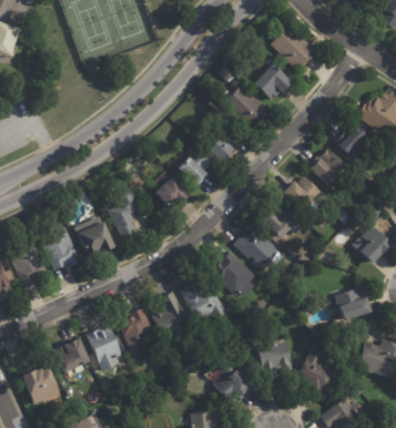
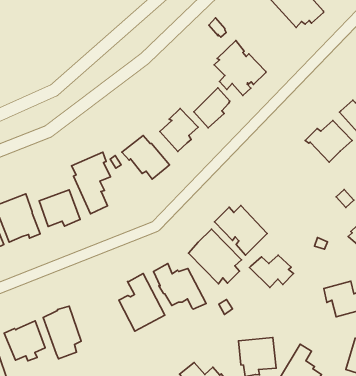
building: [255,62,293,99] -> none
building: [286,176,319,213] -> none
building: [264,210,303,238] -> [249,255,293,288]
building: [121,307,158,357] -> none

